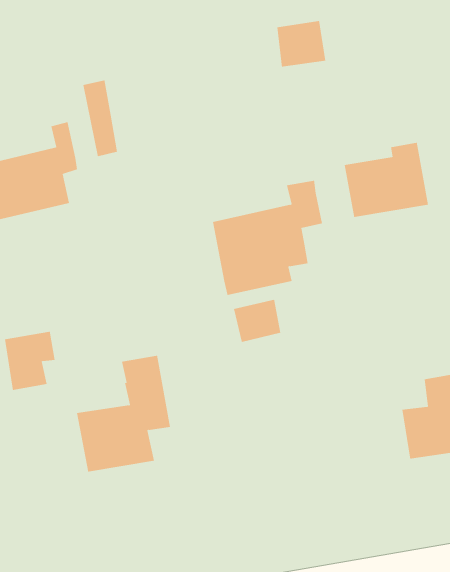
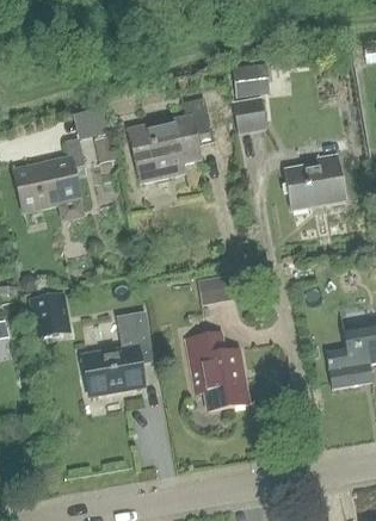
building: none -> [232,94,267,135]
building: [212,180,323,295] -> [128,98,210,184]
building: none -> [186,333,247,410]

